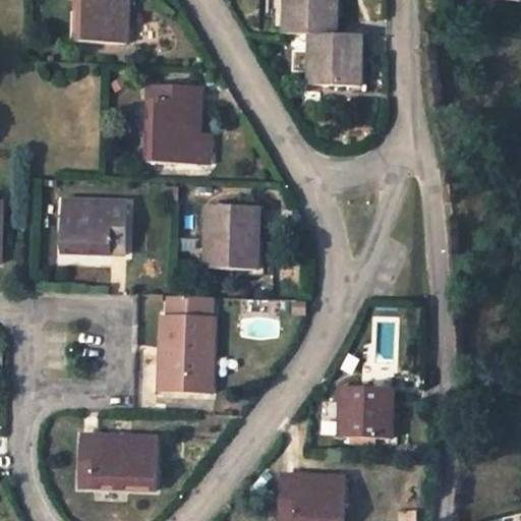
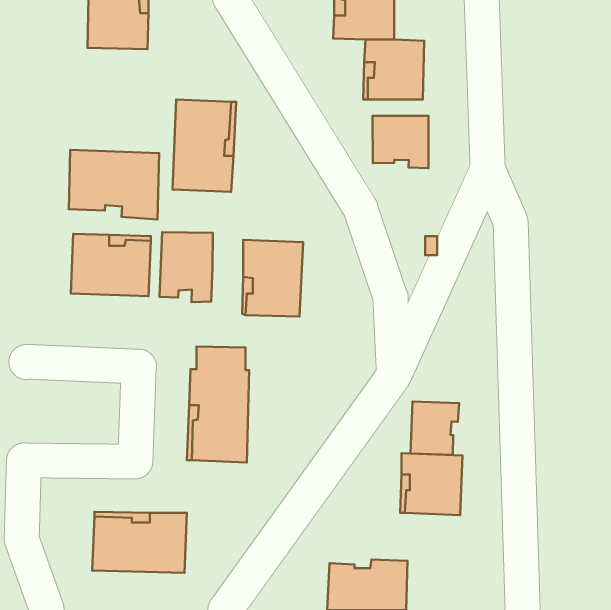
building: none -> [373,116,429,168]
building: none -> [69,150,159,219]
building: none -> [159,232,213,302]
building: none -> [410,401,459,455]

